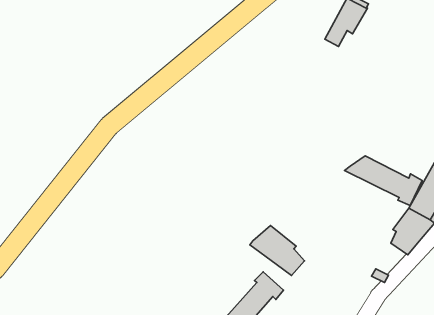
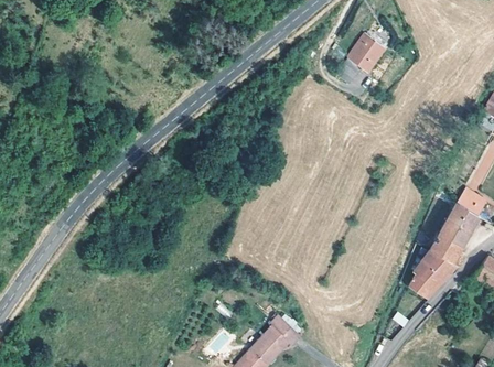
building: [345,156,422,206] -> none
building: [250,226,304,275] -> none

